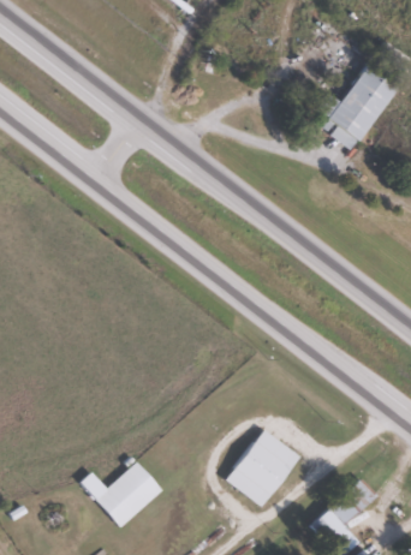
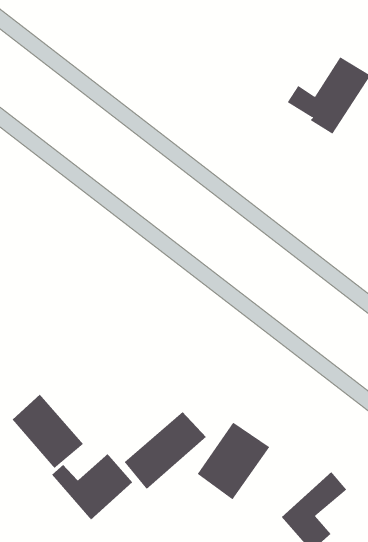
building: none -> [12,394,84,469]
building: none -> [124,411,207,490]

